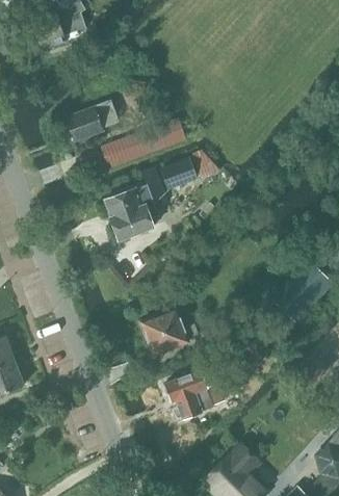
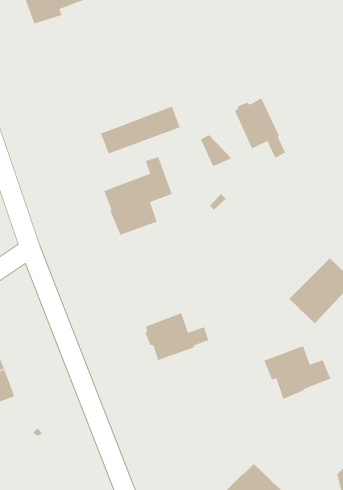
building: [64,101,118,141] -> none
building: none -> [234,98,286,159]
building: [161,159,195,188] -> none
building: [164,370,226,419] -> [263,346,331,400]

